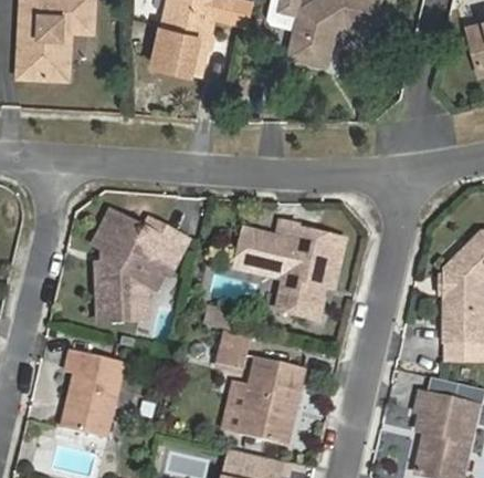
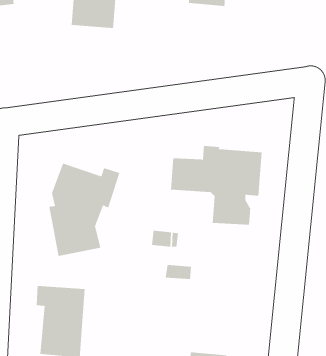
building: [236,355,304,443] -> none

